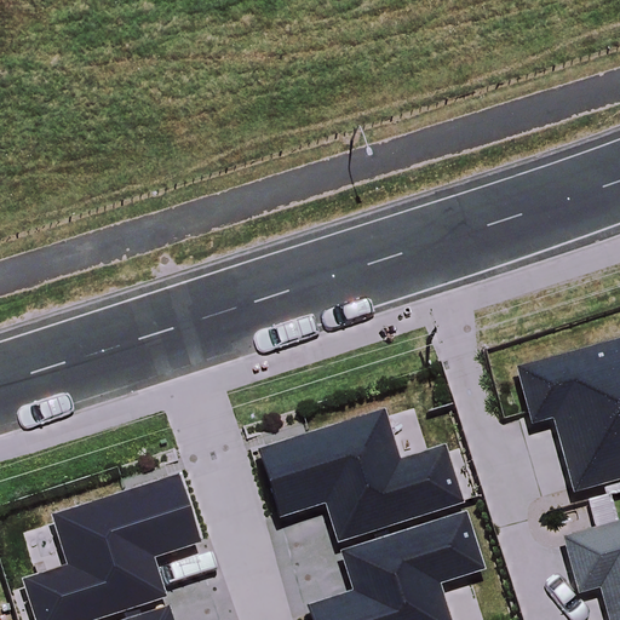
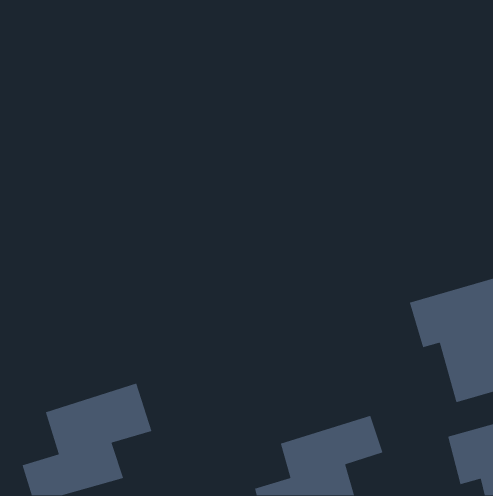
building: [270,413,457,527] -> none

